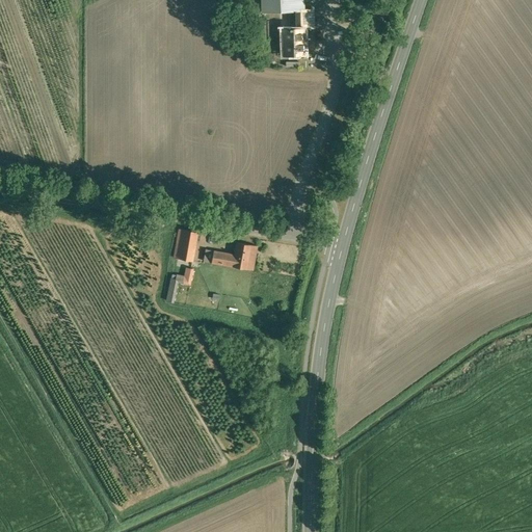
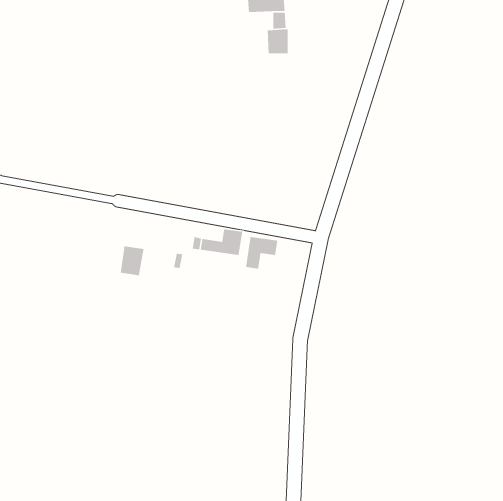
building: [174,229,200,261] -> [120,246,145,276]
building: none -> [245,236,278,269]

